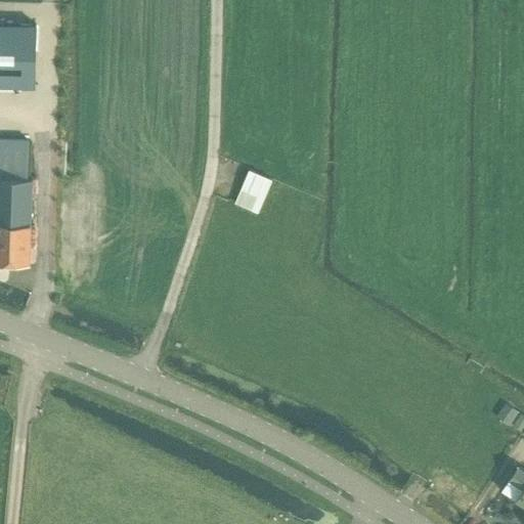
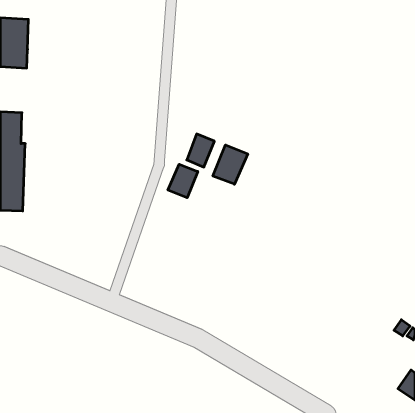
building: none -> [213,145,248,184]
building: none -> [168,164,198,198]

